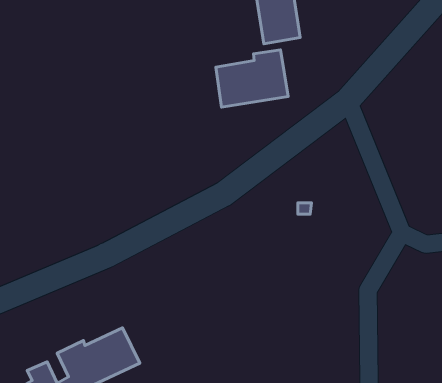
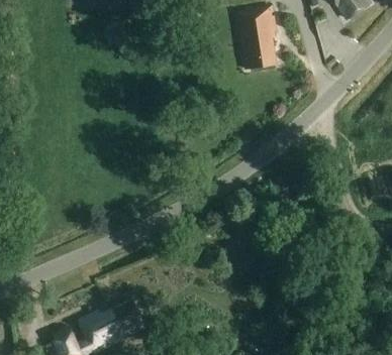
building: [216,50,288,107] -> none

